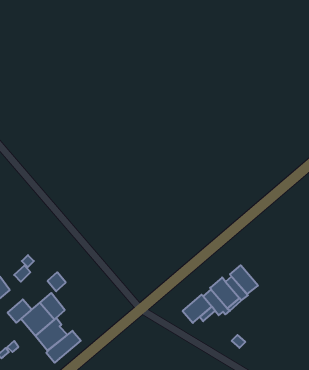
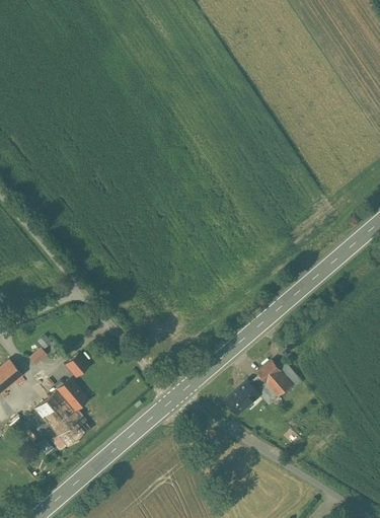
building: [230,265,258,294] -> none
building: [8,299,31,323] -> none
building: [46,331,81,363] -> none

